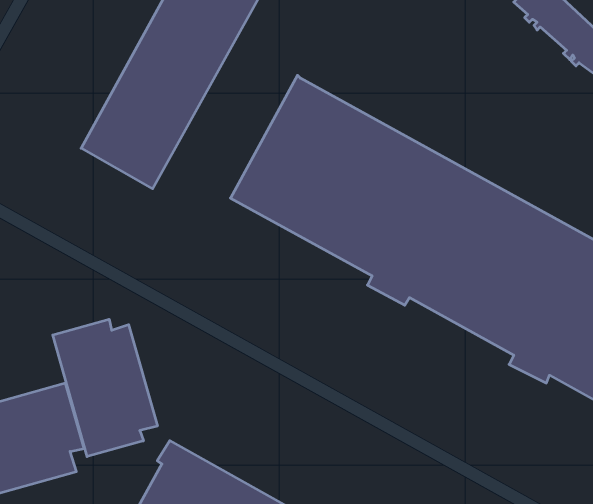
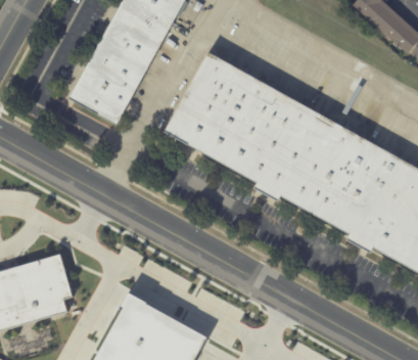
building: [53,319,157,457] -> none

